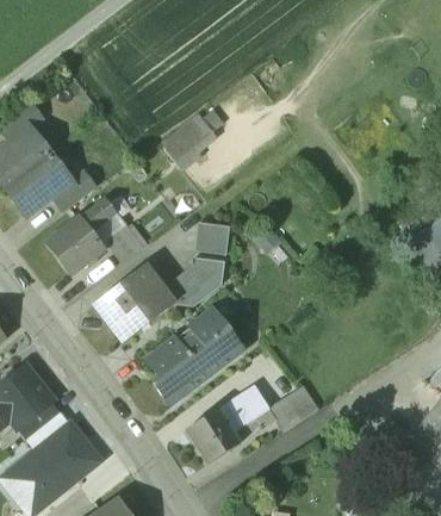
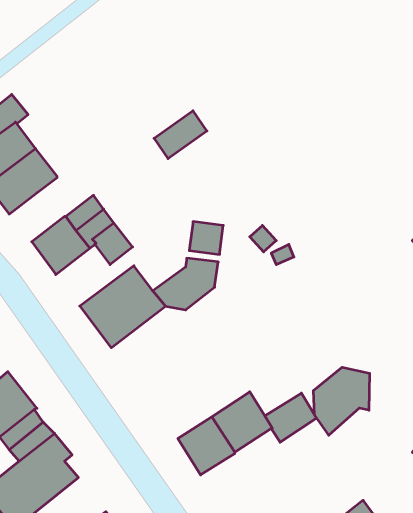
building: [54,172,95,211] -> none
building: [147,310,243,404] -> none
building: none -> [313,367,370,435]

